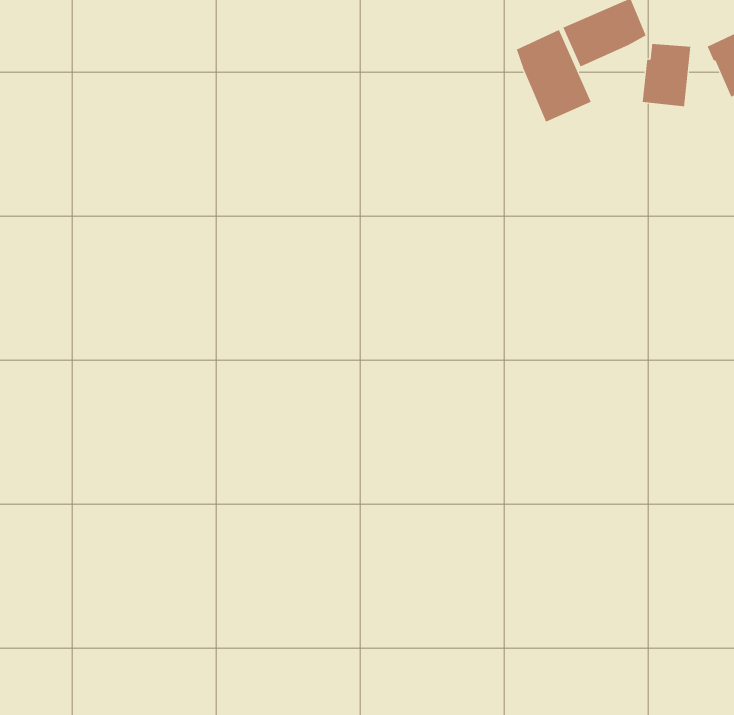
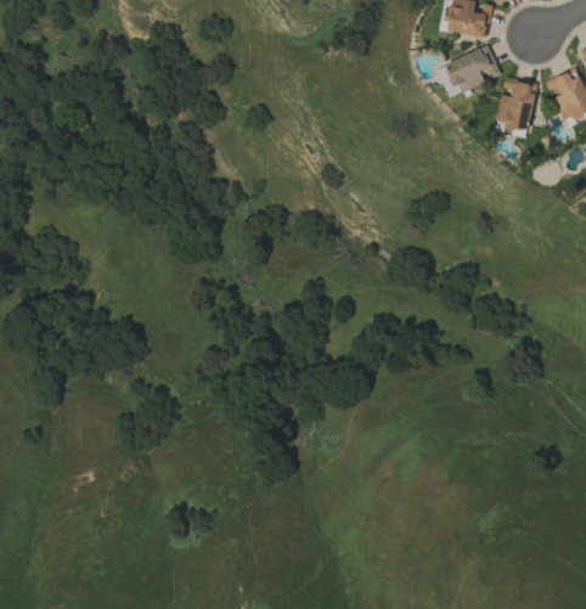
building: [516,29,591,122] -> none

